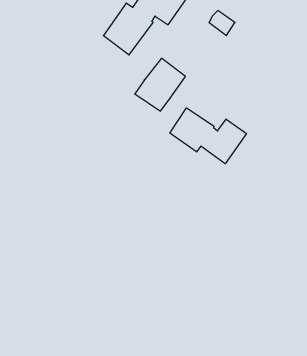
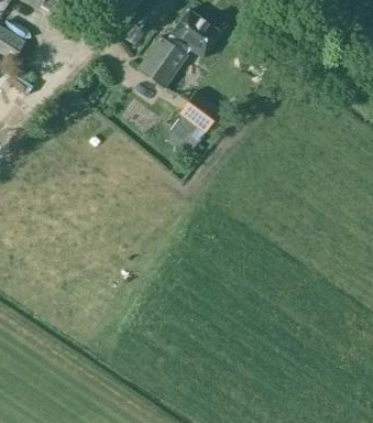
building: [170,108,246,164] -> none

